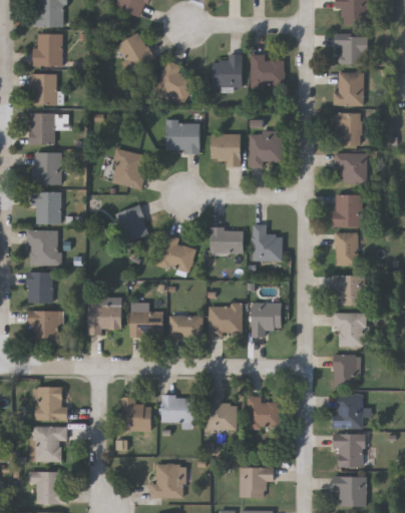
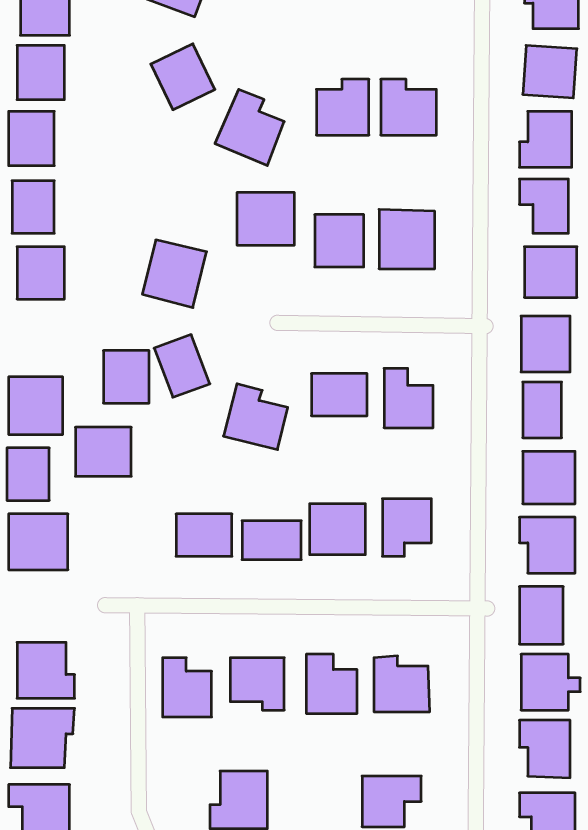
building: [35,191,62,222] -> [103,351,149,403]
building: [88,303,121,332] -> [75,427,131,476]

